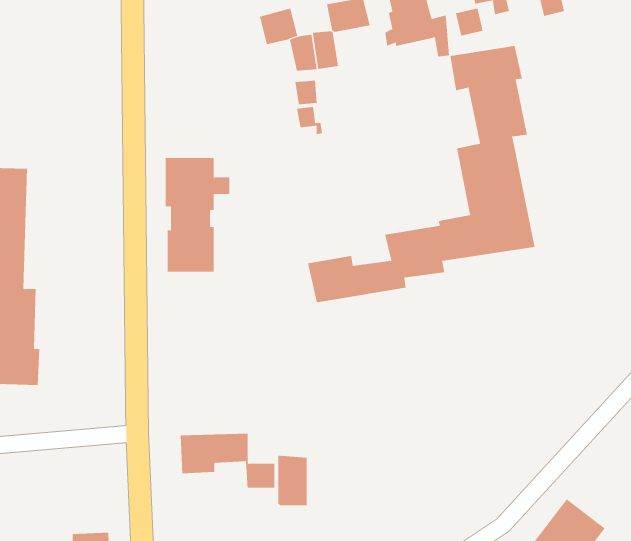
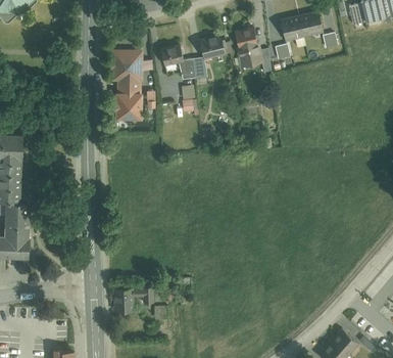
building: [308,45,535,303] -> none
building: [165,157,230,272] -> [113,47,151,114]
building: [278,455,307,506] -> none

